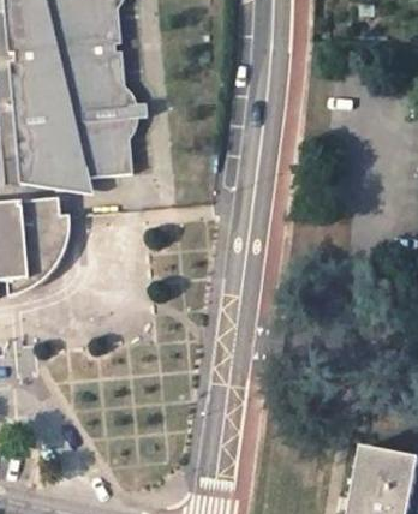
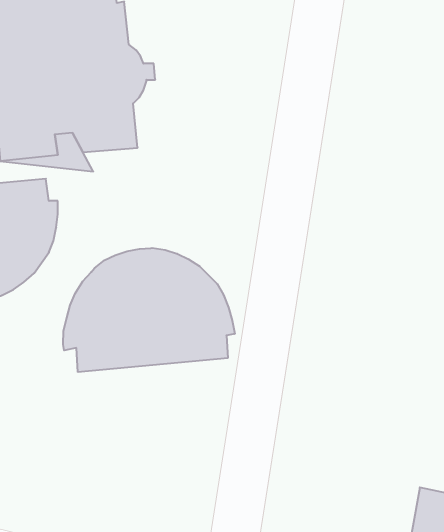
building: none -> [63,248,235,372]

